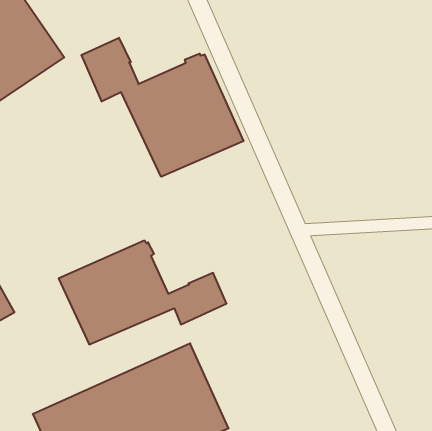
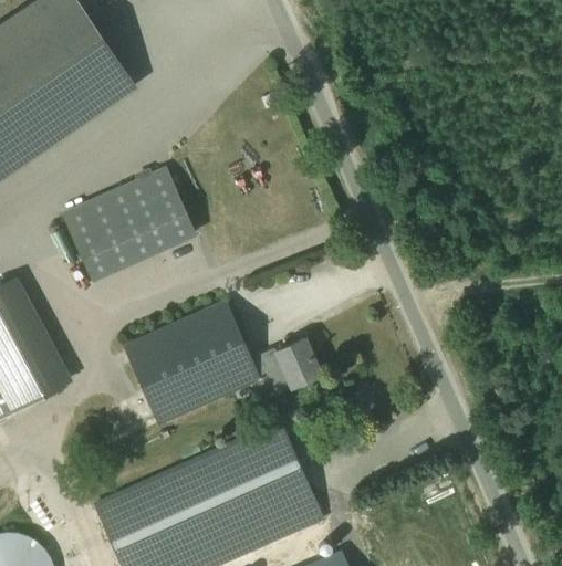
building: [81,38,244,177] -> none
building: none -> [63,168,195,280]

